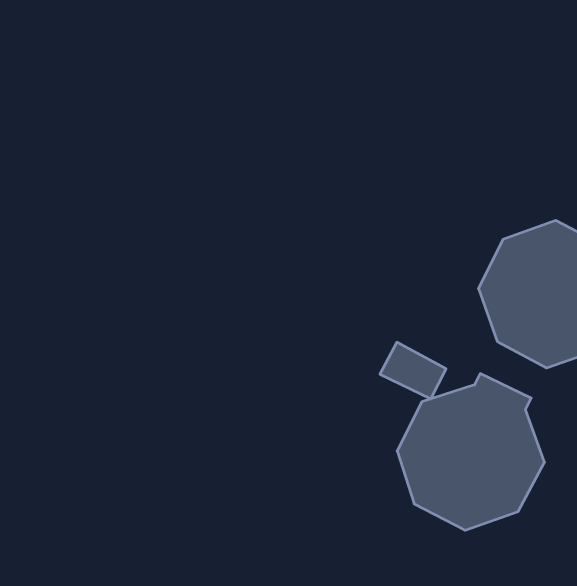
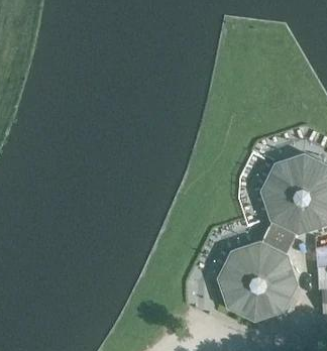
building: [380,342,446,399] -> [262,219,298,249]

